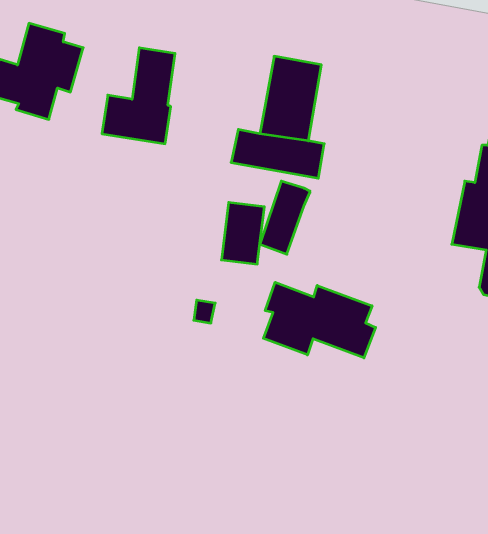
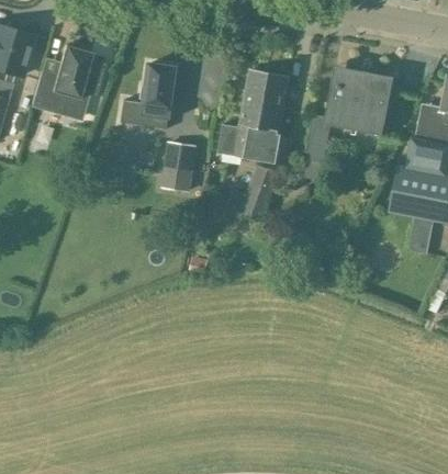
building: none -> [303,65,393,178]
building: [221,202,264,264] -> [161,144,194,191]
building: [263,282,376,358] -> none

